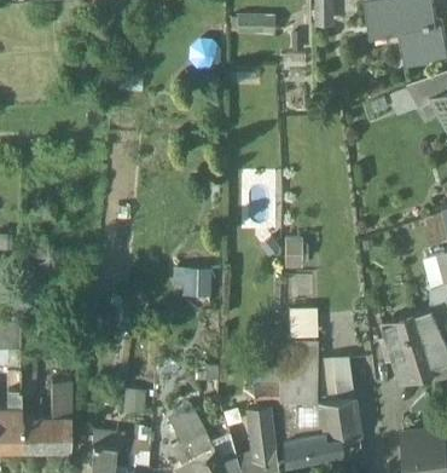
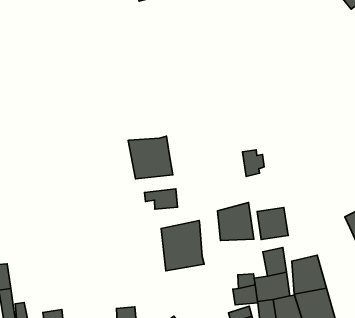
building: none -> [128,136,173,179]
building: none -> [217,202,254,240]
building: none -> [161,221,204,271]

